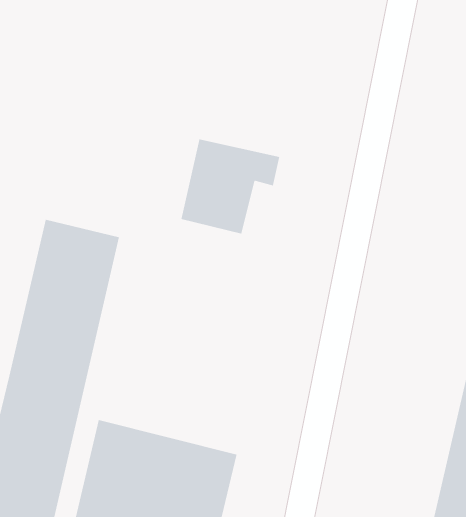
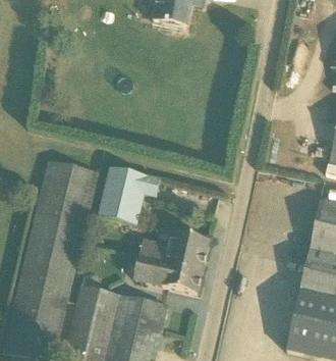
building: [181,138,280,234] -> [98,166,159,225]
building: none -> [134,230,208,292]

